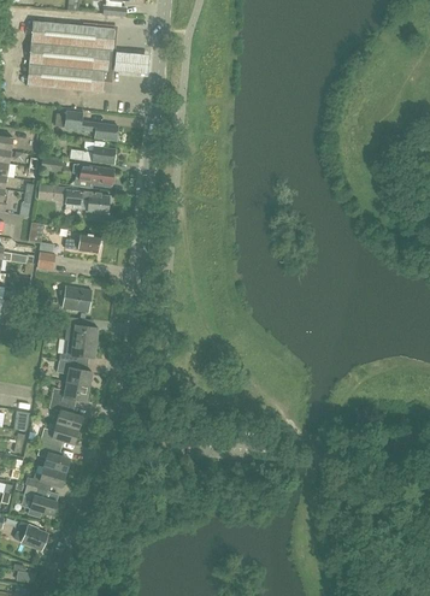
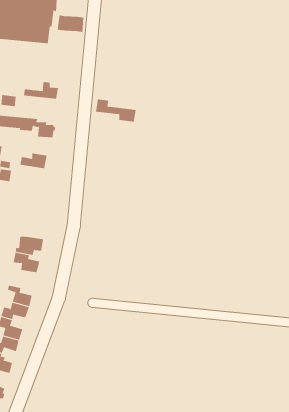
building: [65,110,118,140] -> [95,99,136,122]
building: [75,164,114,185] -> none
building: [63,284,93,311] -> none
building: [64,315,98,342] -> none
building: [51,382,88,405] -> none

